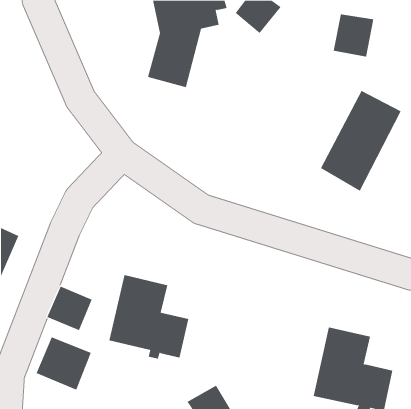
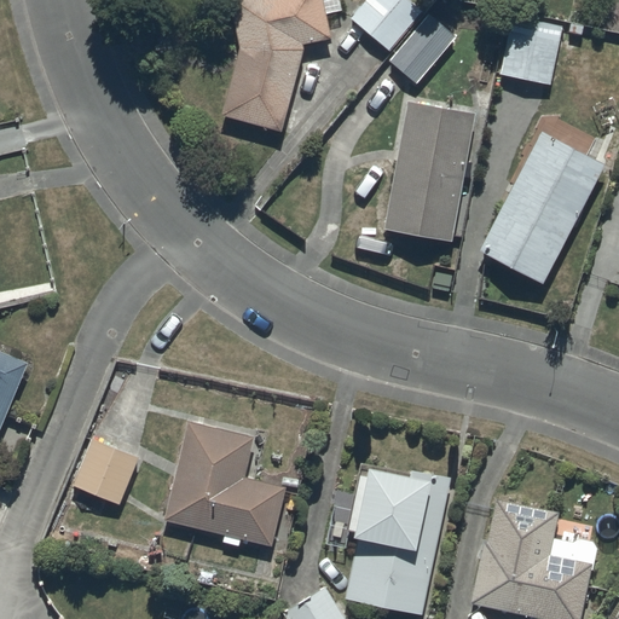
building: none -> [381,15,456,91]
building: none -> [383,109,472,248]
building: none -> [343,455,449,612]
building: [36,336,91,390] -> none

